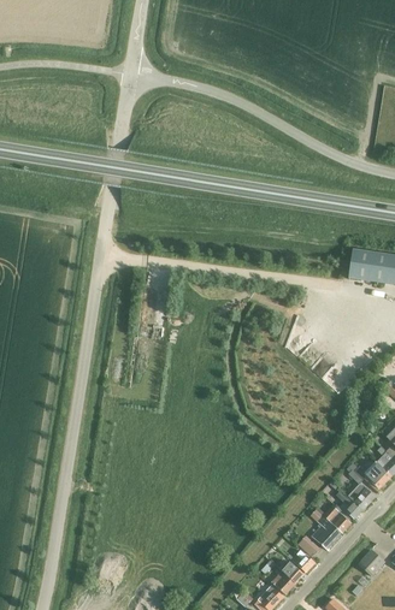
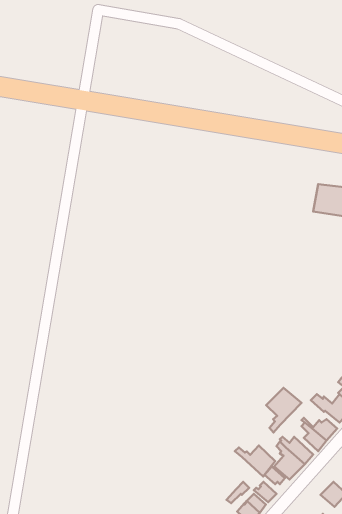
building: none -> [266,388,301,433]
building: none -> [235,446,275,477]

